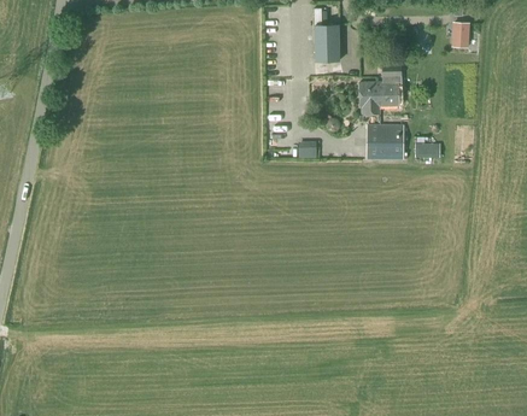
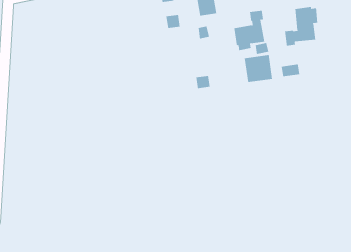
building: none -> [284,6,318,46]

